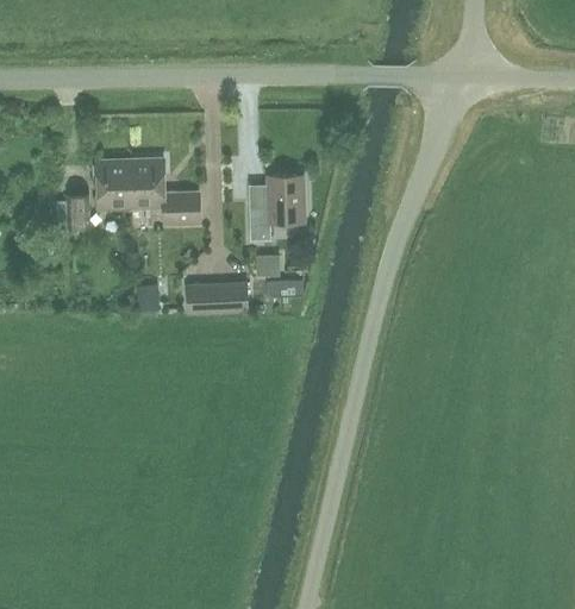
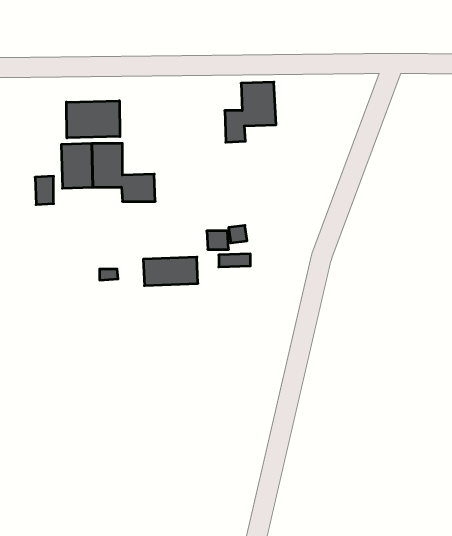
building: none -> [66,101,120,138]
building: [249,172,305,238] -> [225,82,276,142]

